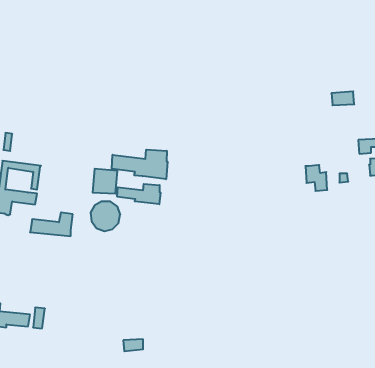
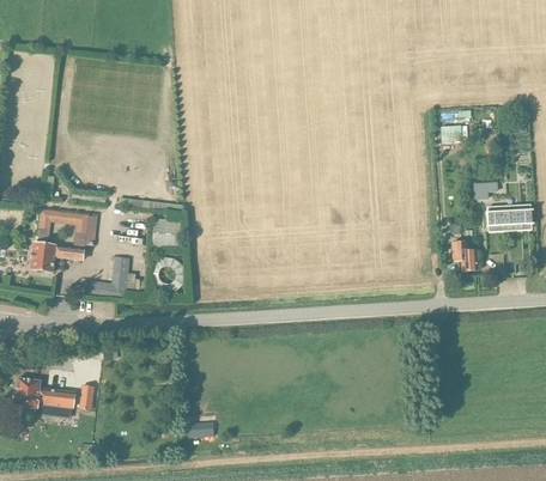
building: [112,150,168,179] -> none
building: [305,165,327,191] -> [451,240,478,272]
building: [117,184,160,204] -> none

